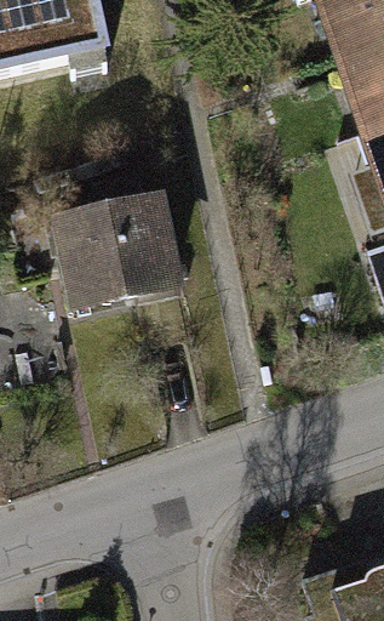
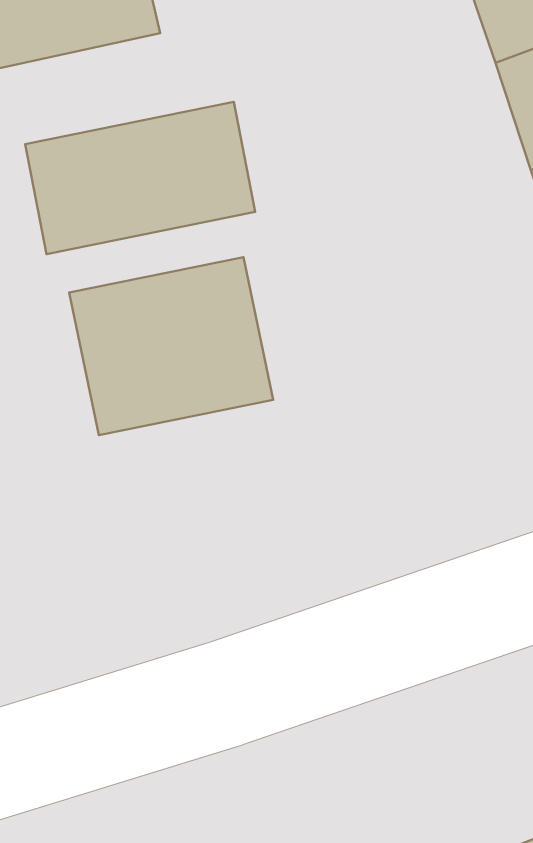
building: none -> [25,102,255,254]

